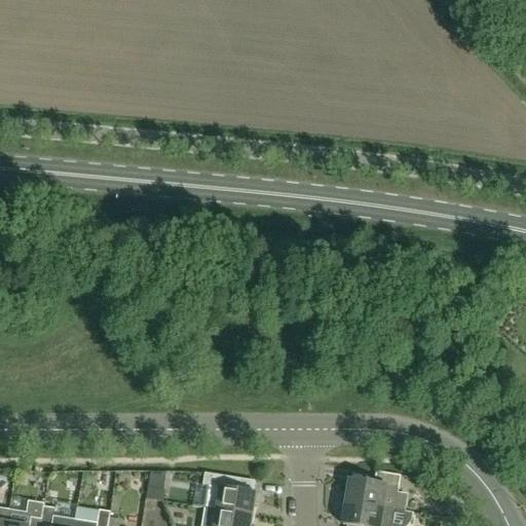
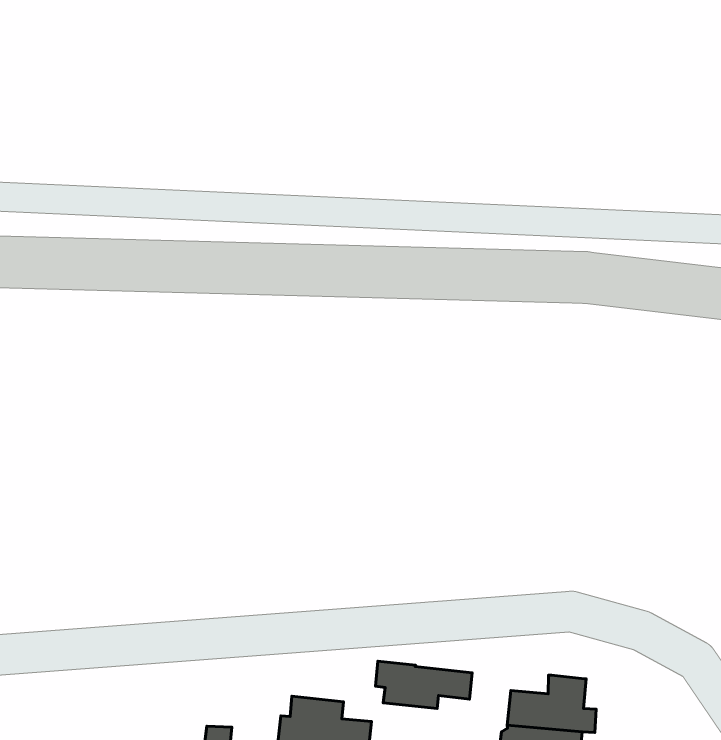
building: none -> [375,661,472,708]

